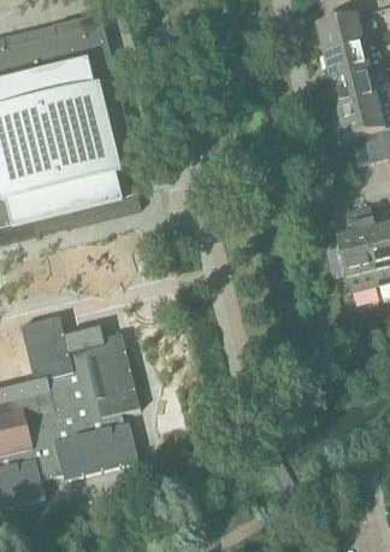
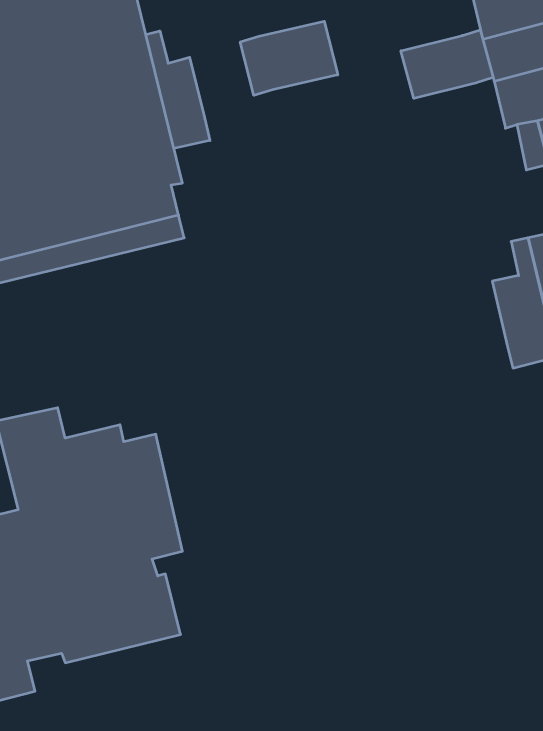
building: none -> [240,21,338,95]
building: none -> [401,30,493,98]
building: none -> [146,31,210,148]

